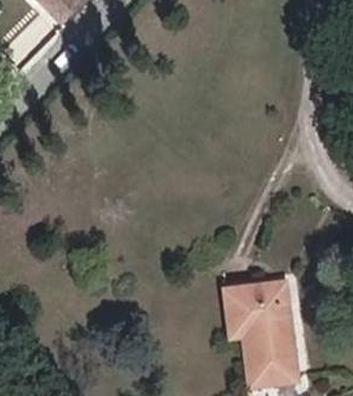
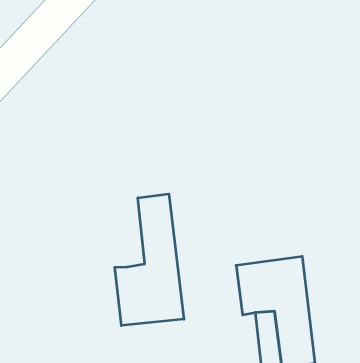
building: none -> [115,194,184,326]

